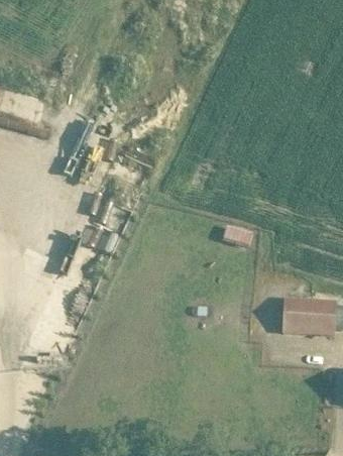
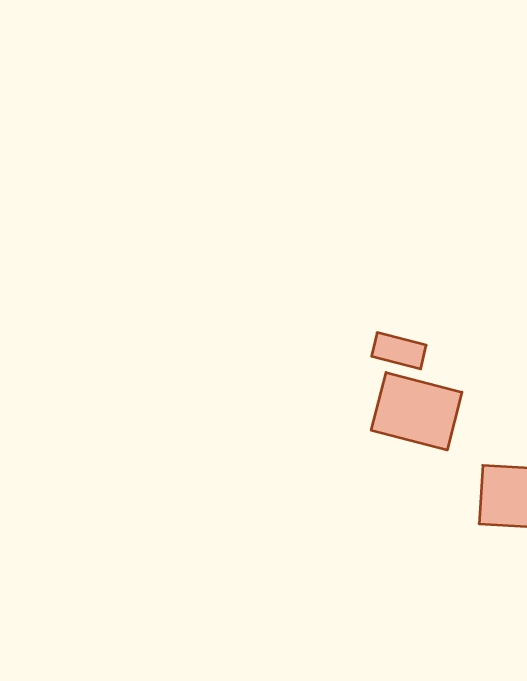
building: none -> [371,372,462,450]

